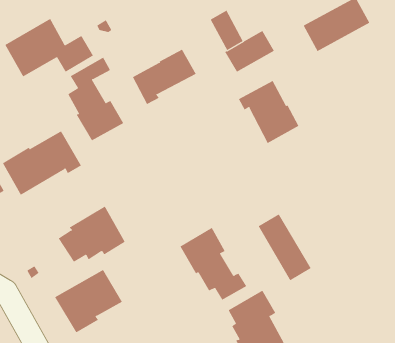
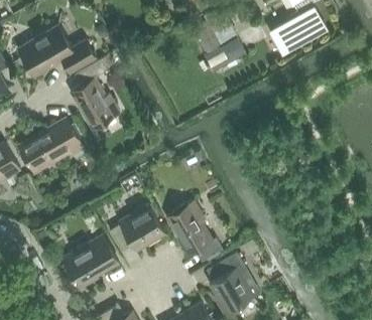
building: [132,49,196,105] -> none
building: [238,80,299,144] -> none
building: [58,206,126,262] -> [109,204,165,252]
building: [258,213,311,281] -> none

